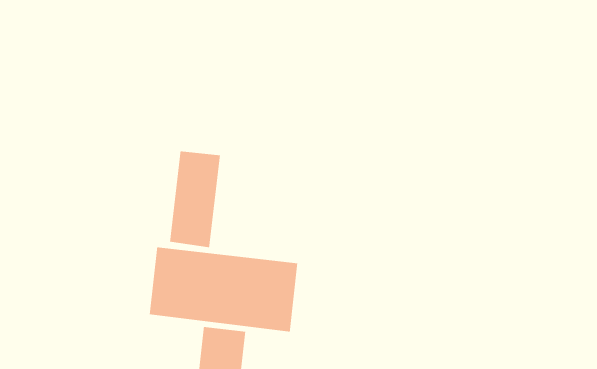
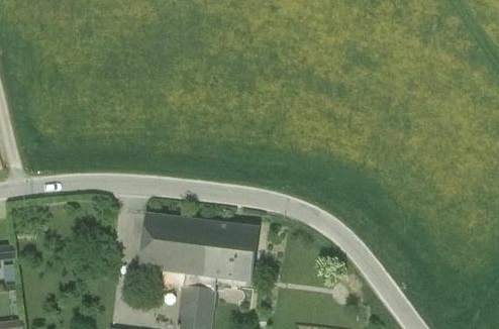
building: [169,150,221,248] -> none

